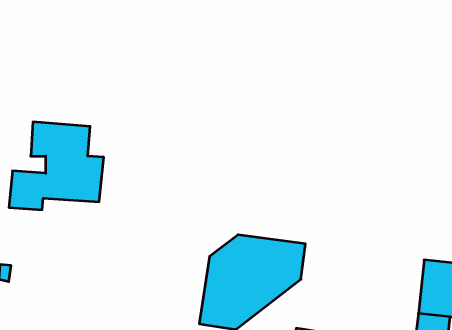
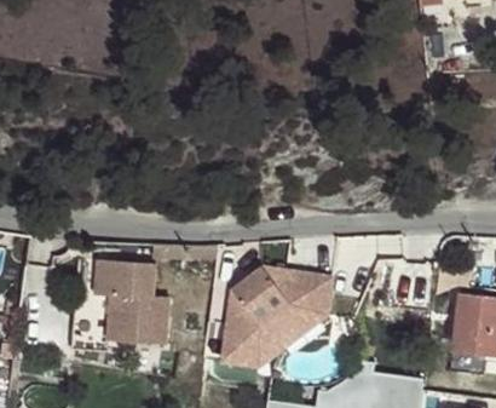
building: [9,122,104,210] -> [70,258,171,351]

